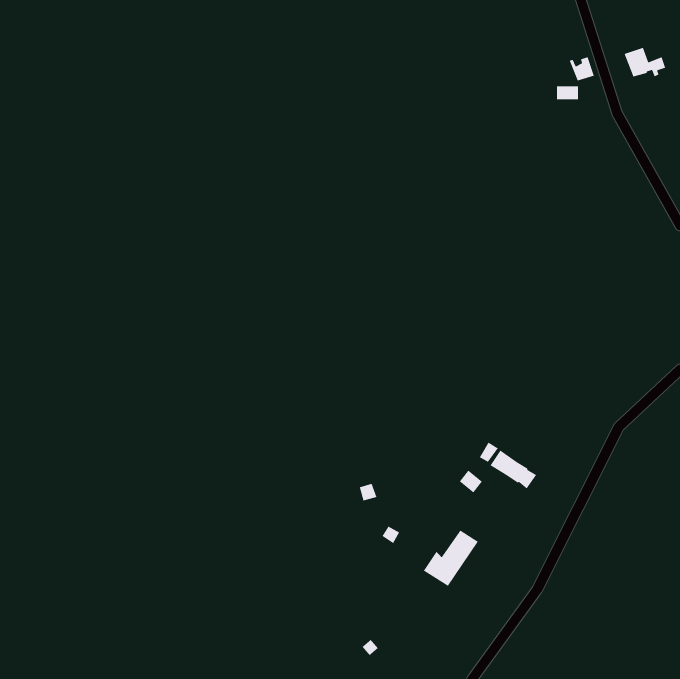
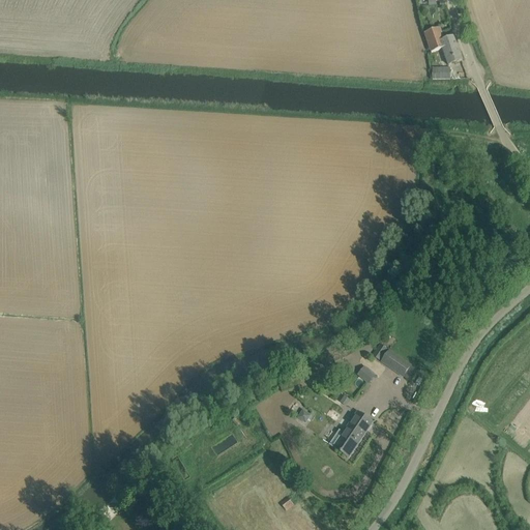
building: [623,47,666,78] -> [423,27,457,51]

